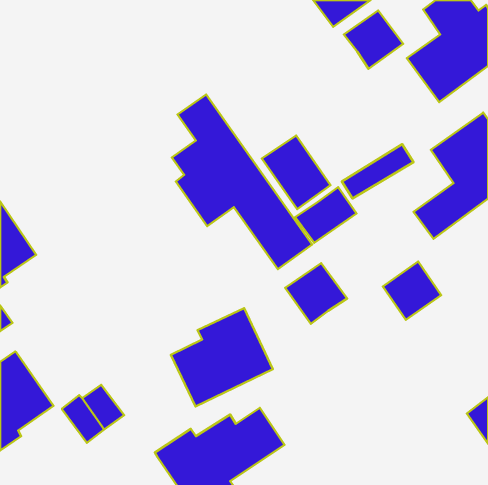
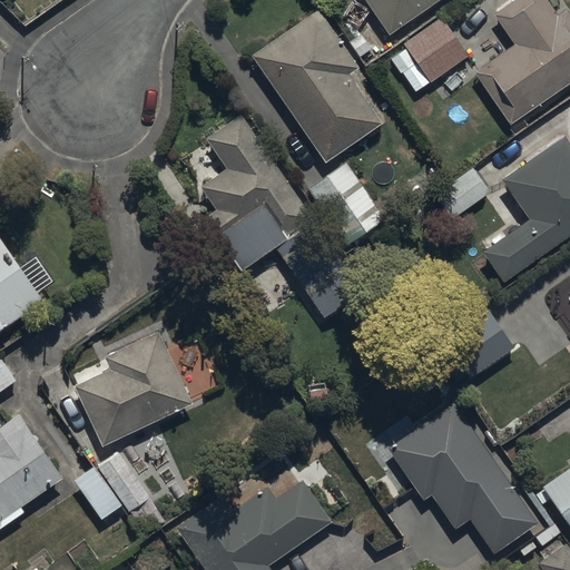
building: none -> [250,8,384,163]
building: [295,187,357,243] -> none
building: [285,263,347,324] -> none
building: [171,308,273,406] -> [73,332,193,446]
building: none -> [390,404,538,554]

